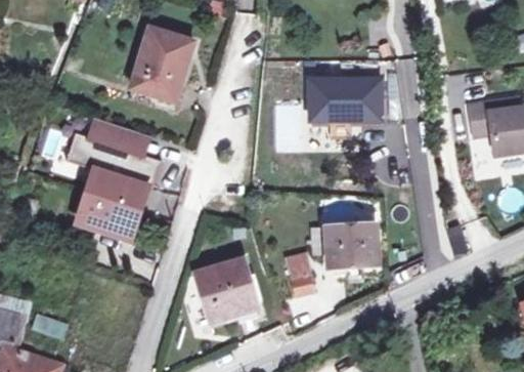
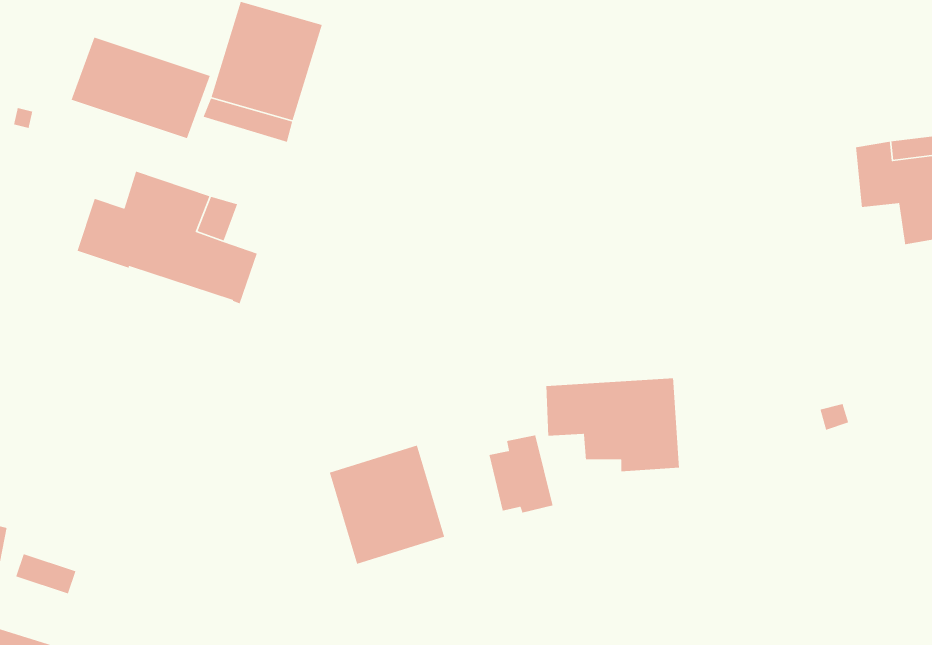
building: none -> [70,37,211,139]
building: [310,80,380,121] -> none
building: [77,167,145,228] -> none

